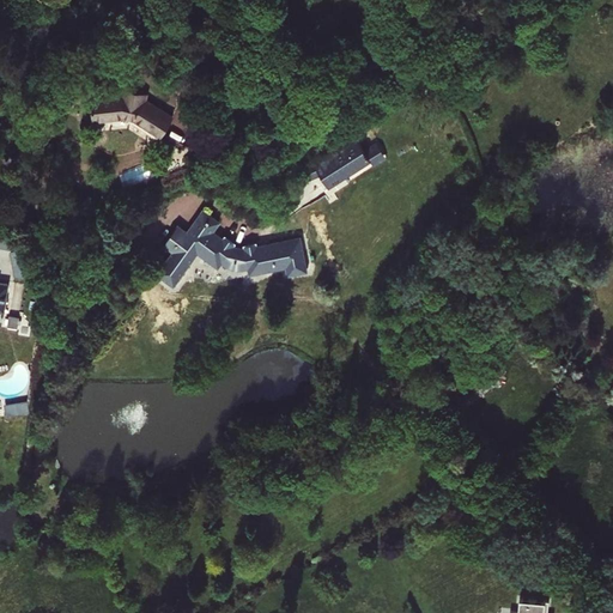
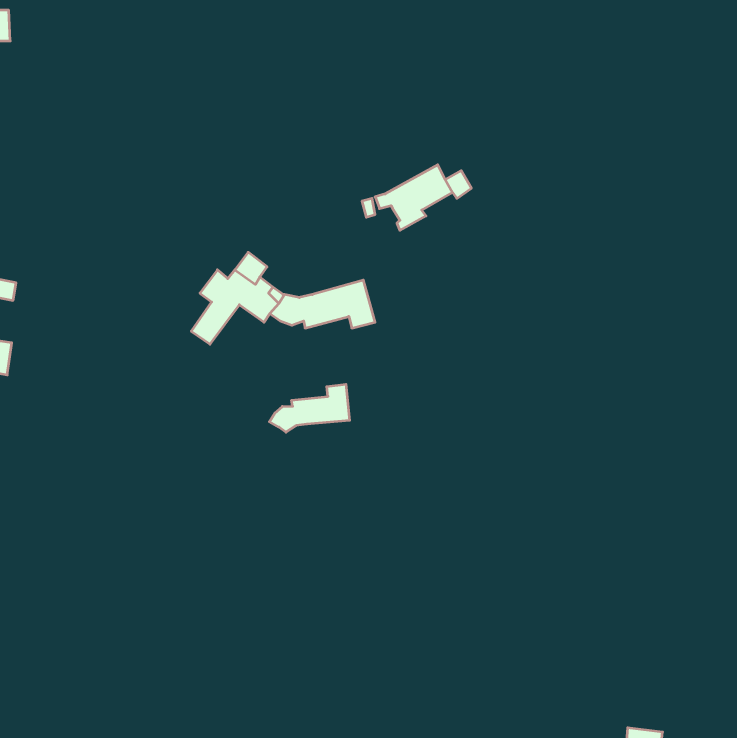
building: [90,93,169,139] -> none
building: none -> [269,384,350,432]

